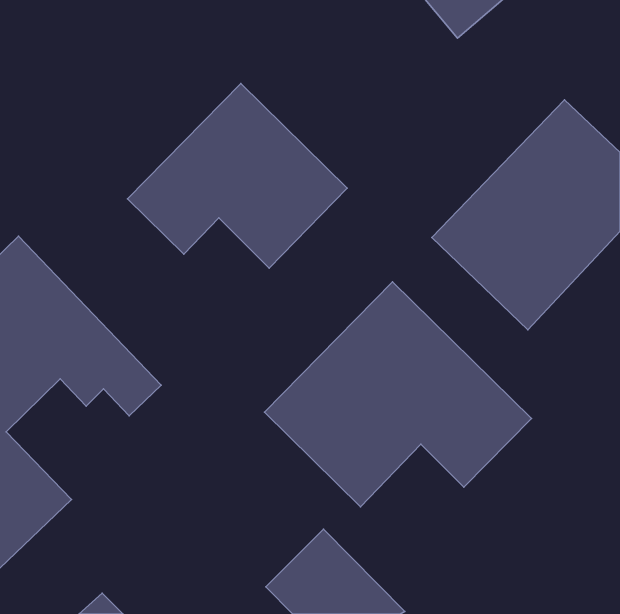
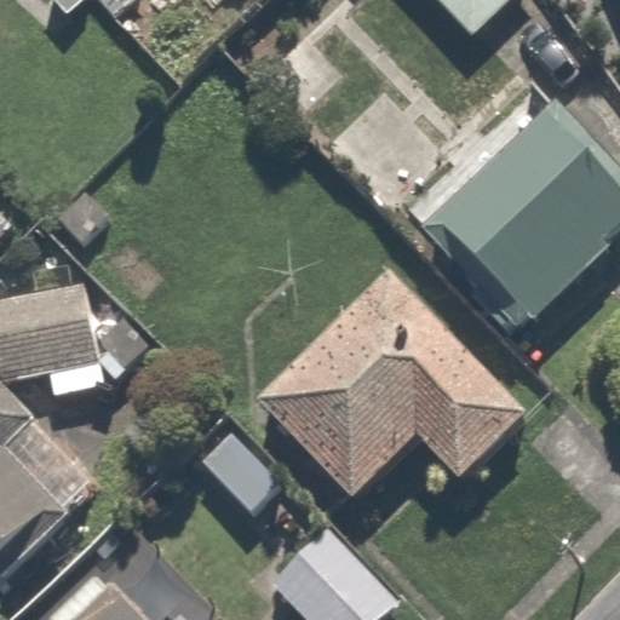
building: [128,84,347,268] -> none

